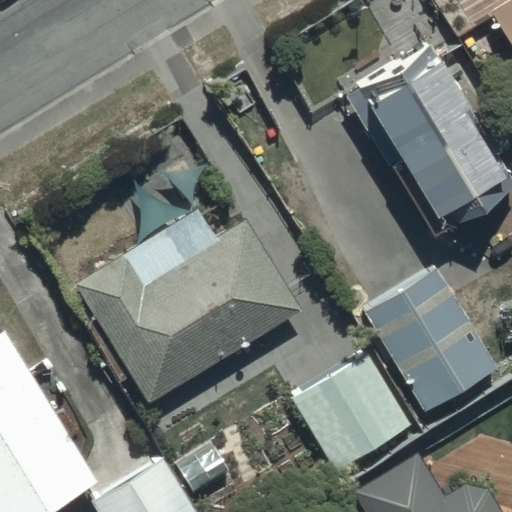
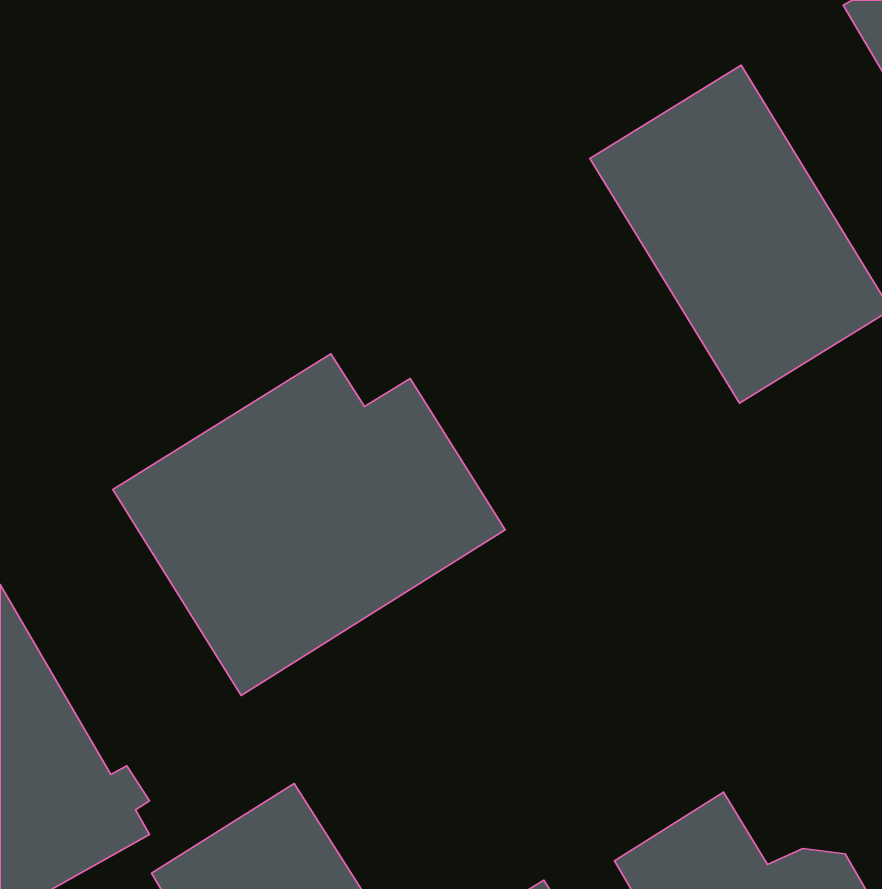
building: [364,268,499,412] -> none
building: [291,354,410,471] -> none

